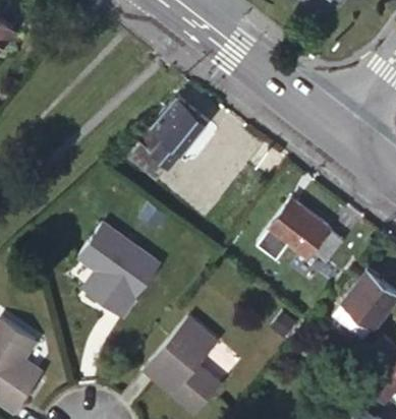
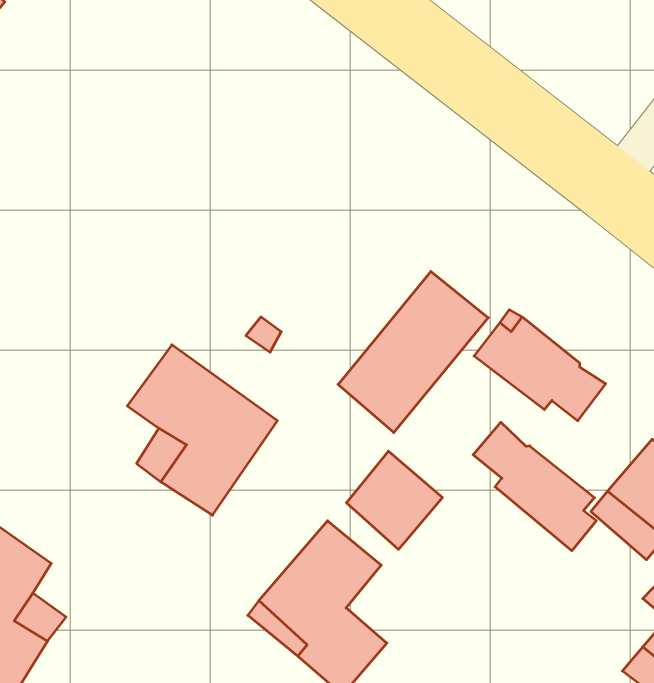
building: [125,96,208,184] -> [338,271,488,433]
building: none -> [473,422,596,551]
building: none -> [346,451,442,549]

